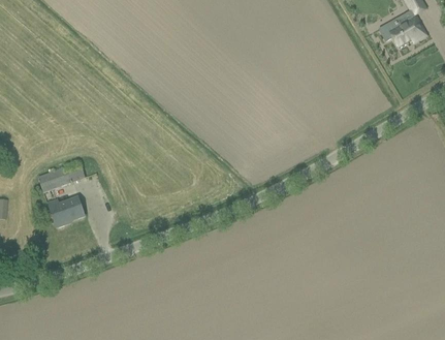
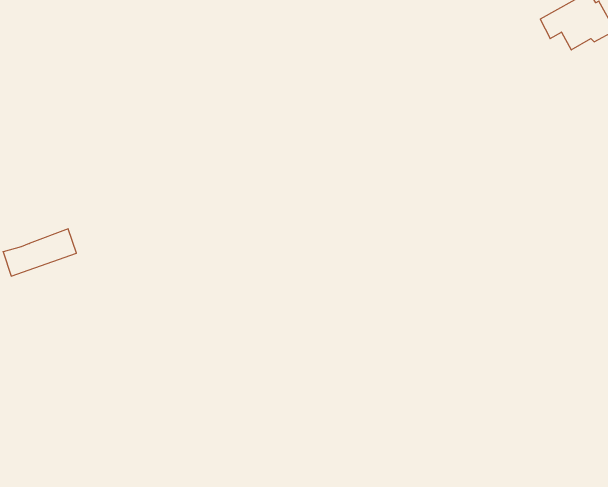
building: [47,196,85,227] -> none

